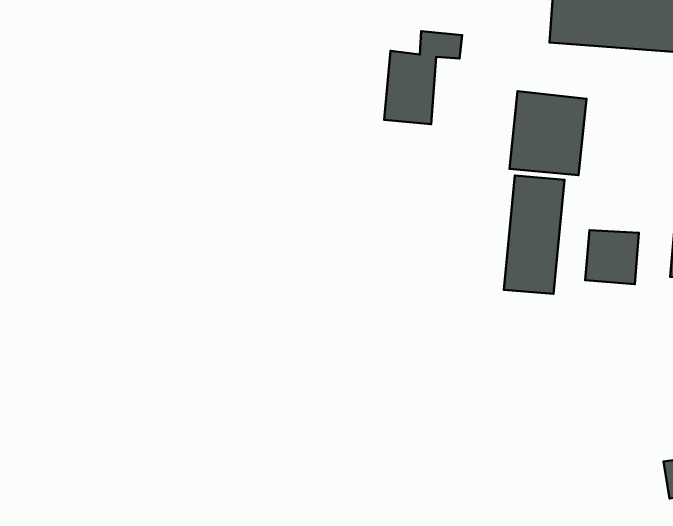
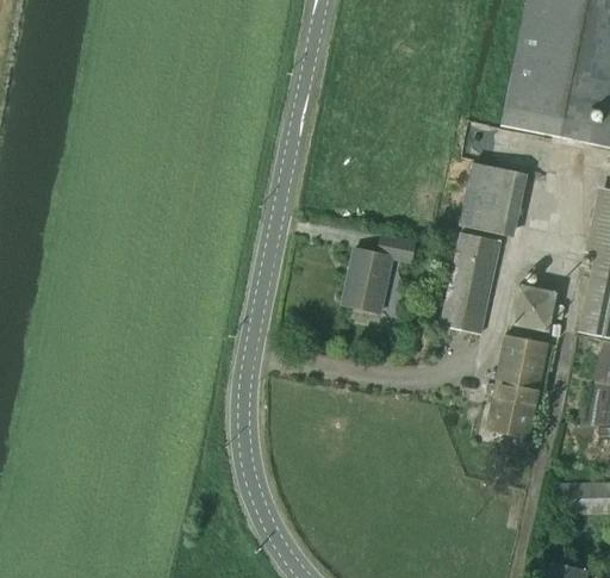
building: [384,31,462,124] -> [343,234,416,311]
building: none -> [486,334,548,437]

